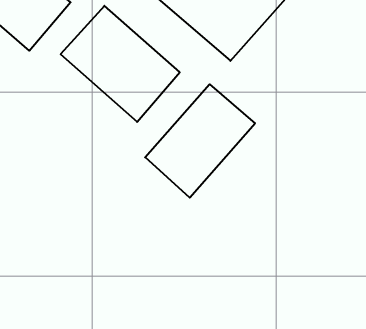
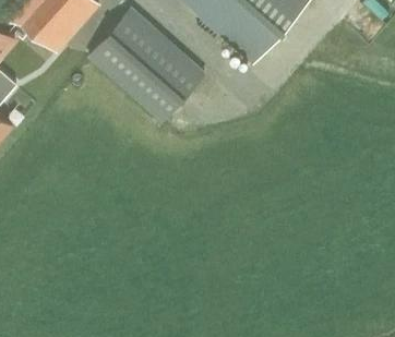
building: [145,84,255,198] -> none

